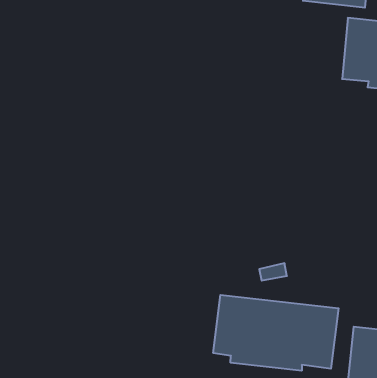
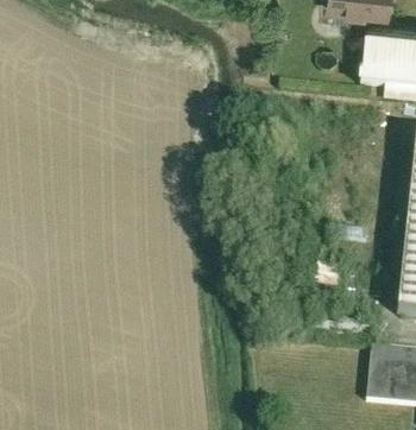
building: [213,295,339,371] -> none

